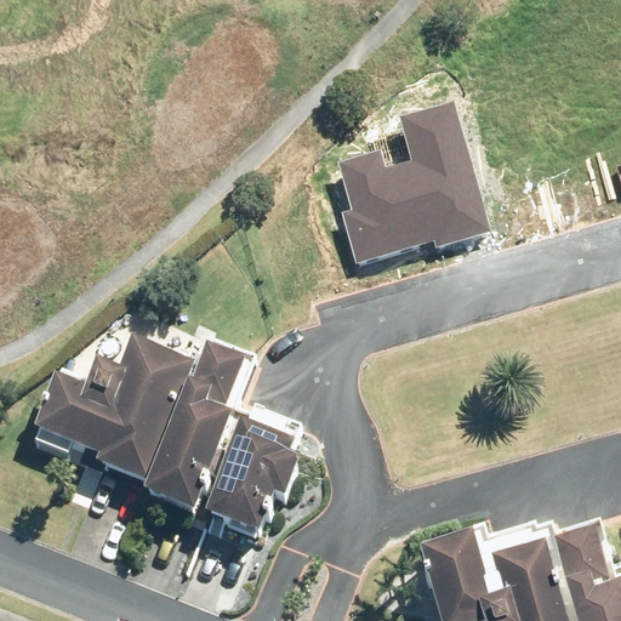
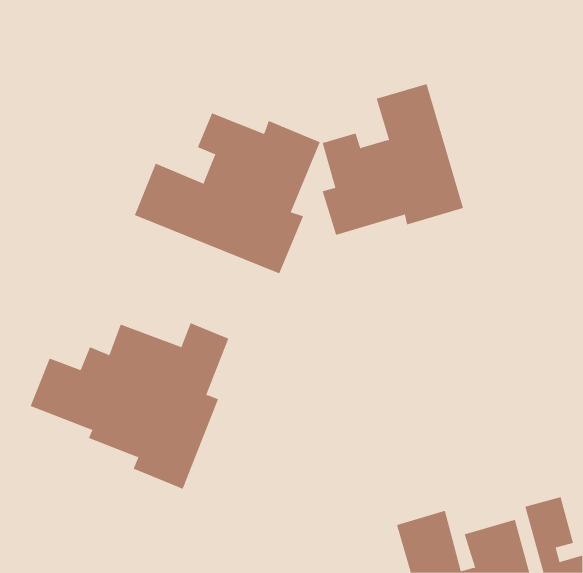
building: none -> [134,113,321,274]
building: [204,431,300,540] -> none

